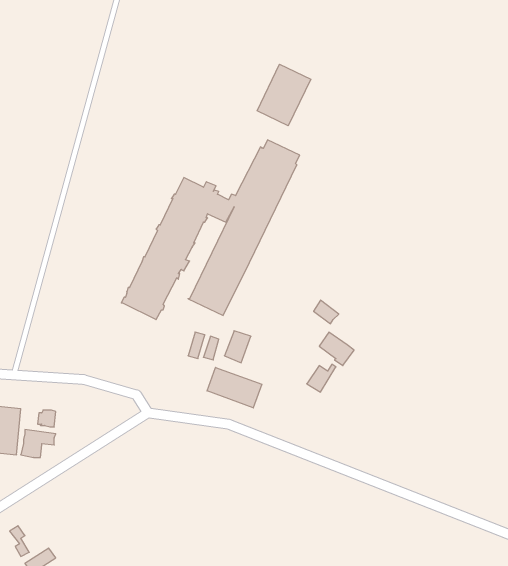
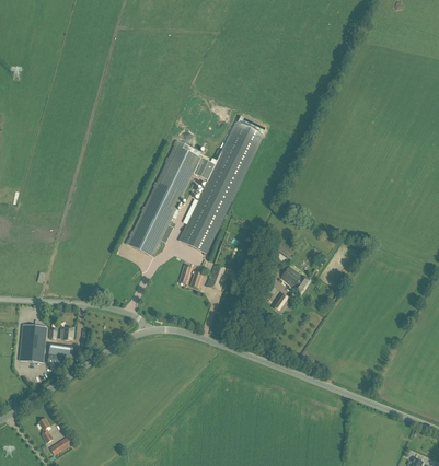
building: [257,64,311,126] -> none
building: [207,367,262,408] -> none

